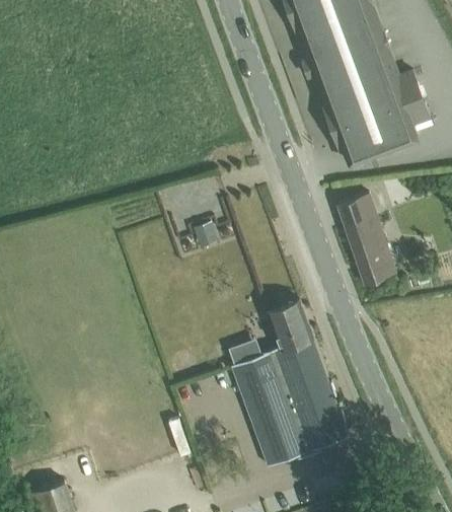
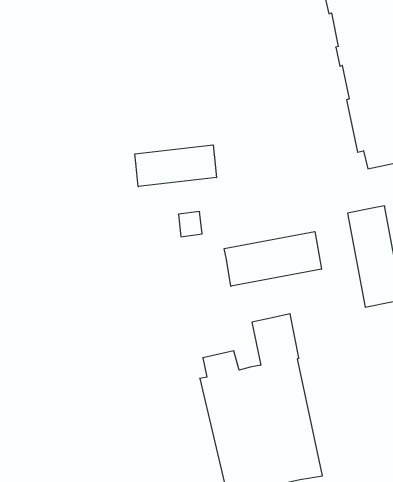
building: none -> [135,145,216,187]
building: none -> [224,232,321,286]

